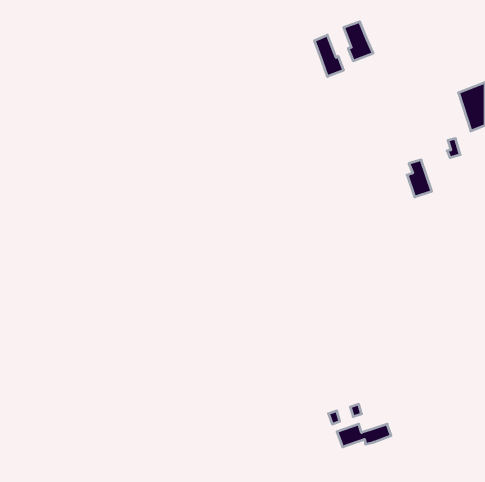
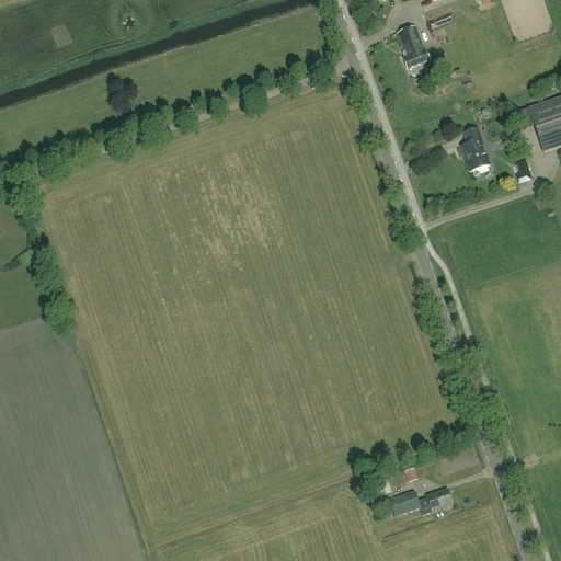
building: [315,35,343,77] -> none
building: [407,160,432,197] -> [461,127,490,170]

